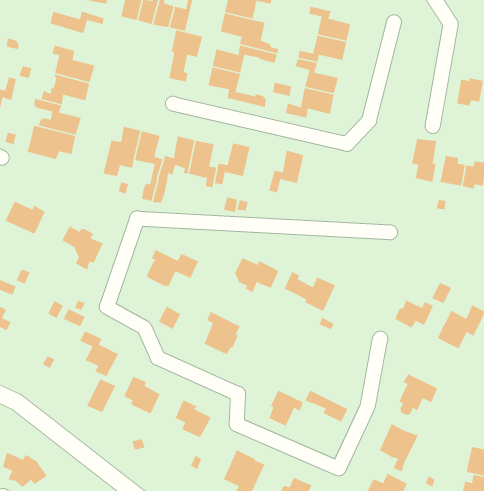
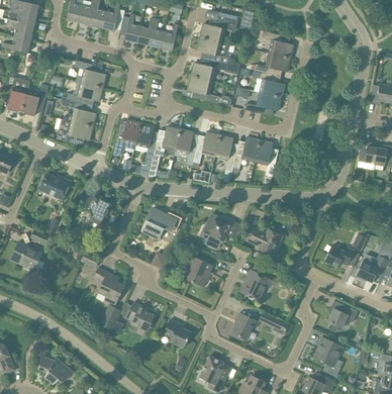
building: [50,11,105,34] -> none
building: [168,30,203,83] -> none
building: [411,138,437,183] -> none
building: none -> [214,134,235,171]
building: none -> [254,140,276,176]
building: none -> [240,270,273,301]

